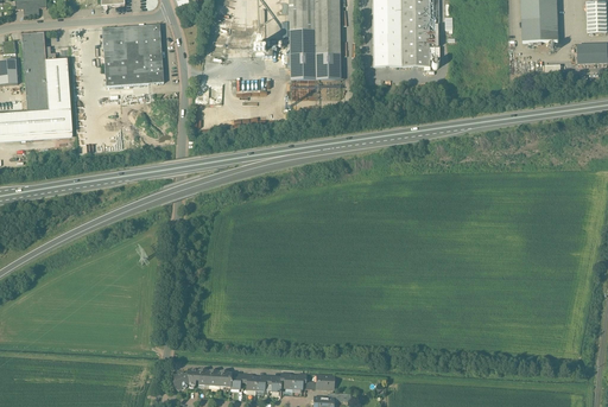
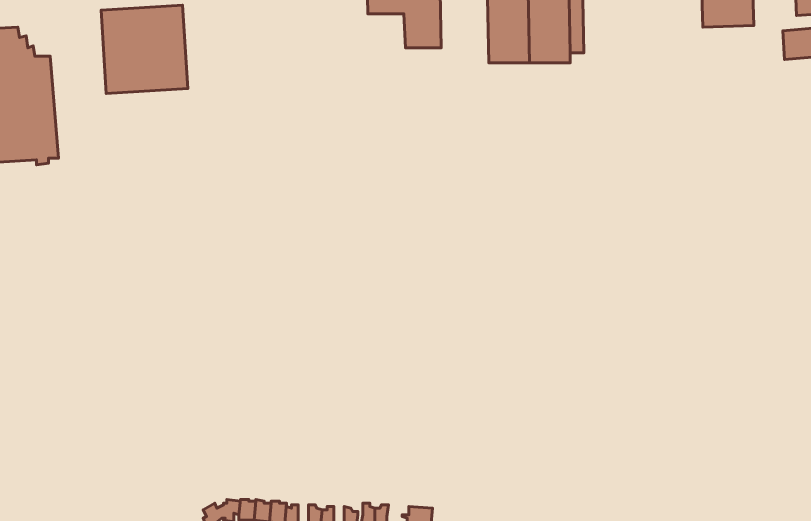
building: [289,32,340,74] -> none

